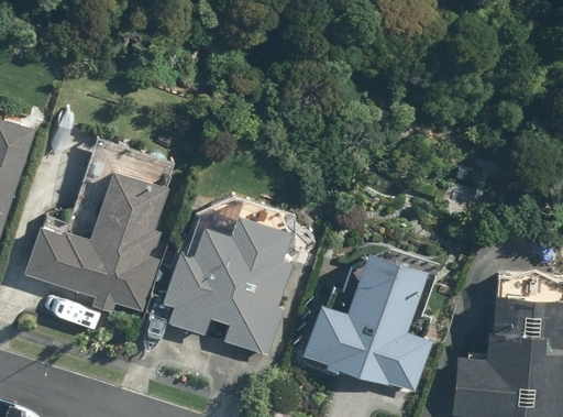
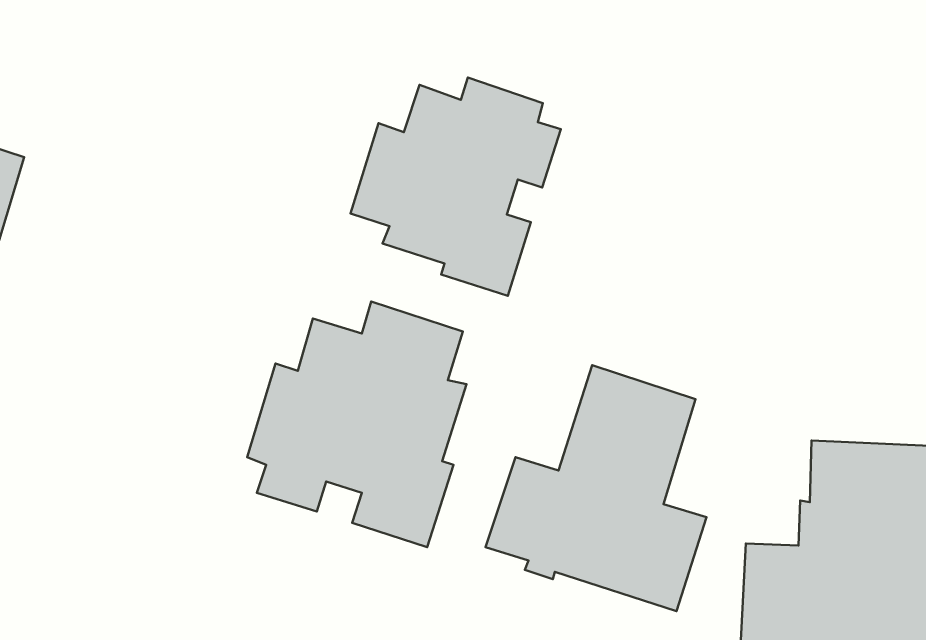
building: none -> [350,78,561,296]
building: [24,140,174,314] -> none

